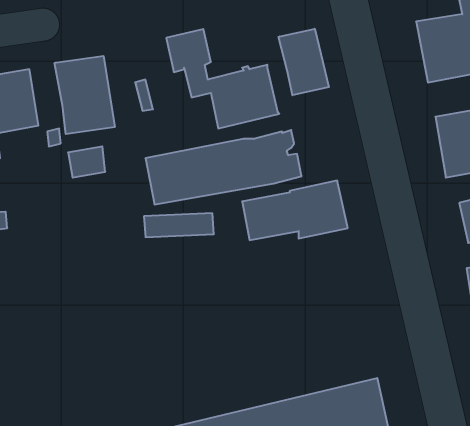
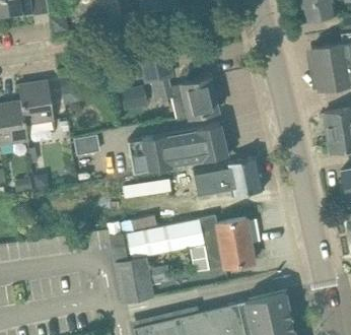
building: [278,29,329,95] -> none
building: [55,56,115,134] -> none
building: none -> [109,217,254,304]

